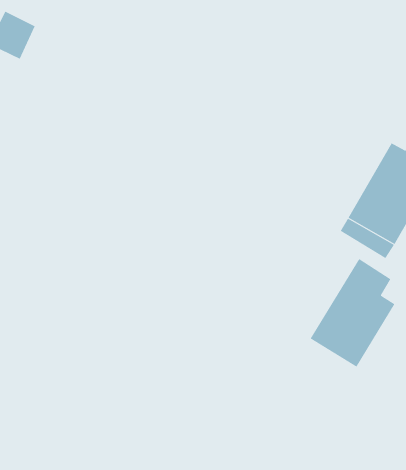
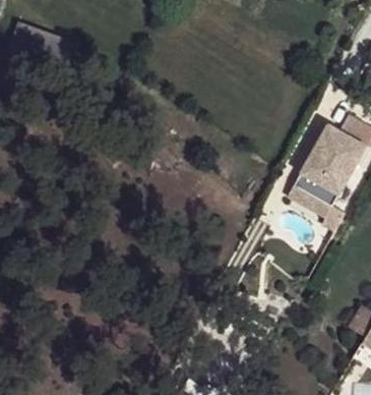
building: [310,258,395,368] -> none

